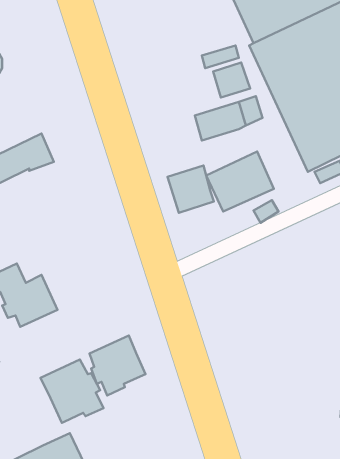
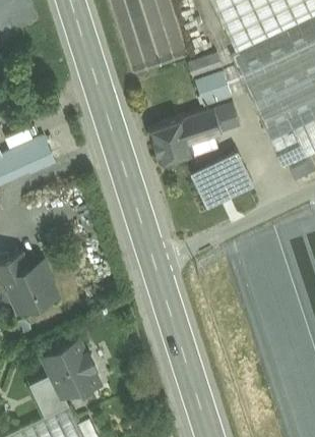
building: [167,165,214,213] -> [149,119,191,162]
building: [89,336,146,396] -> none
building: none -> [29,374,69,417]

